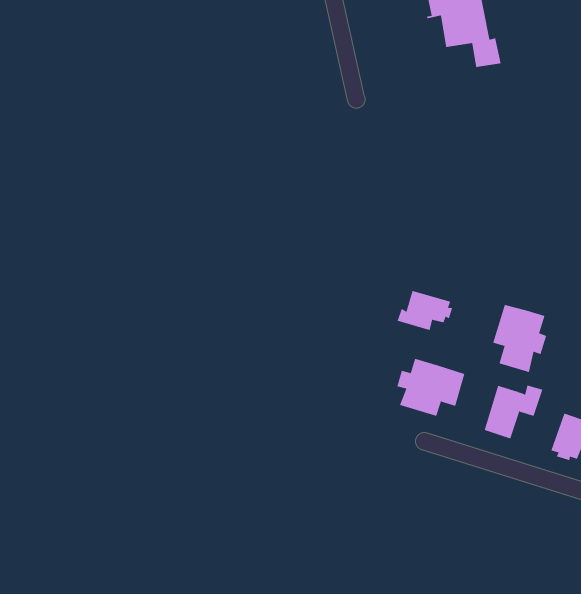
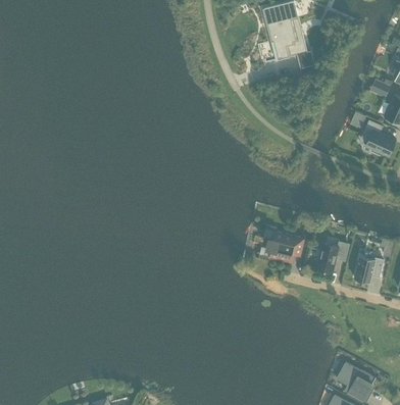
building: [397,290,453,331] -> none
building: [492,304,547,373] -> none

